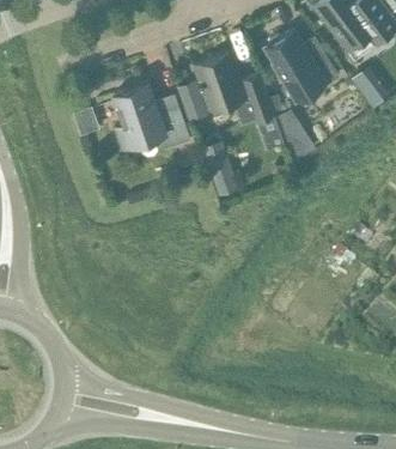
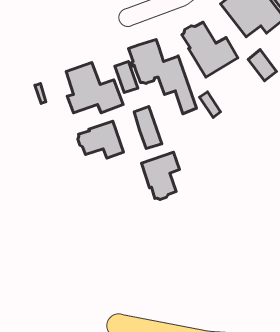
building: none -> [78,121,124,158]
building: none -> [141,152,180,199]

